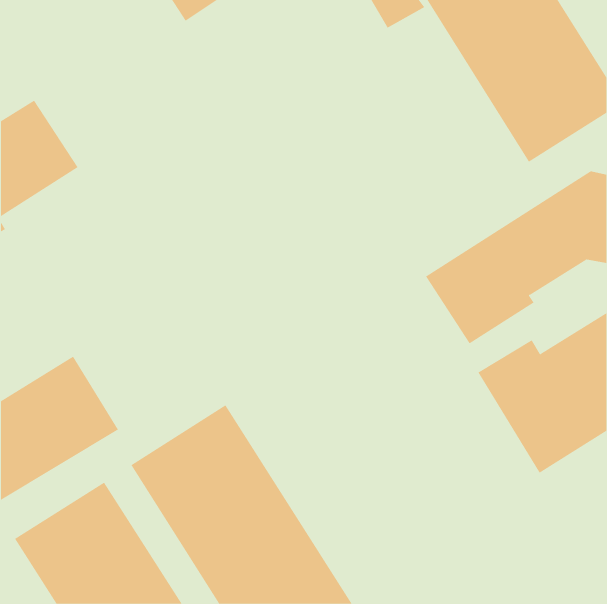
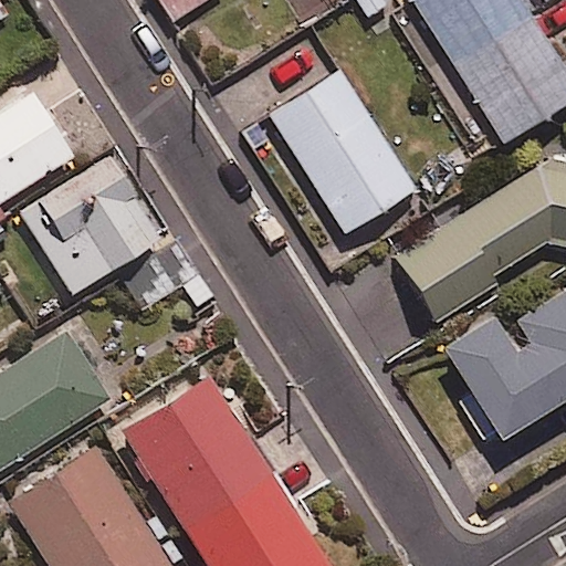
building: none -> [271,70,416,233]
building: none -> [19,156,163,295]

